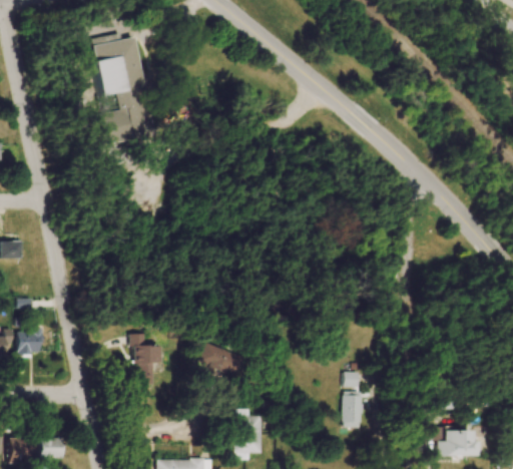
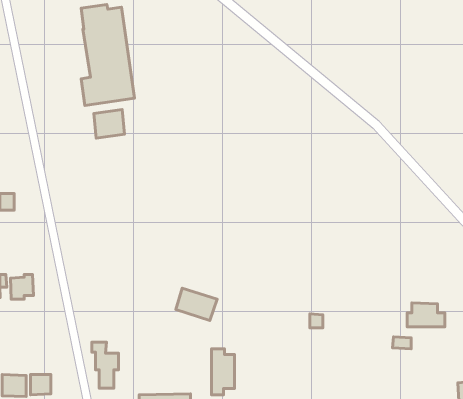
building: none -> [94,110,125,138]
building: [129,334,158,384] -> [92,342,118,388]
building: [343,391,362,428] -> none
building: [438,430,479,456] -> [407,303,445,327]

